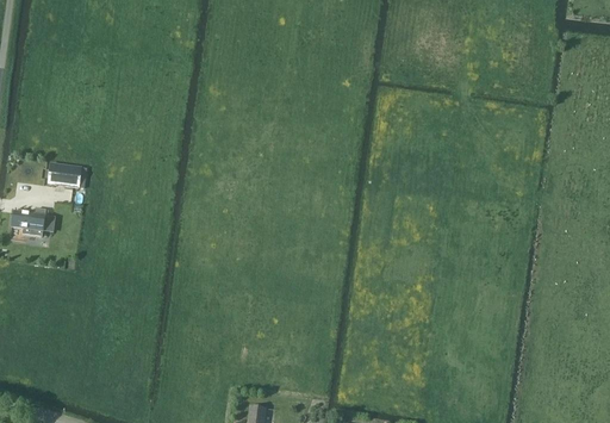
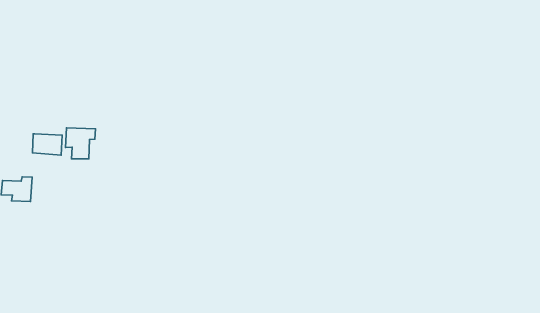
building: none -> [65,128,96,159]

